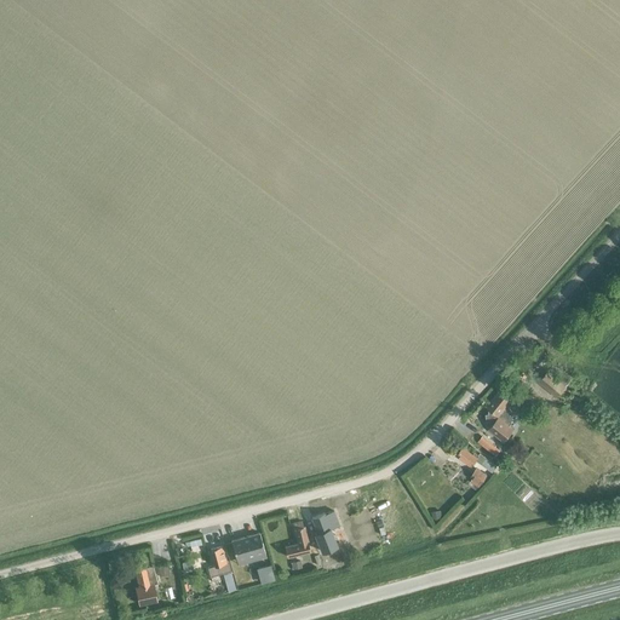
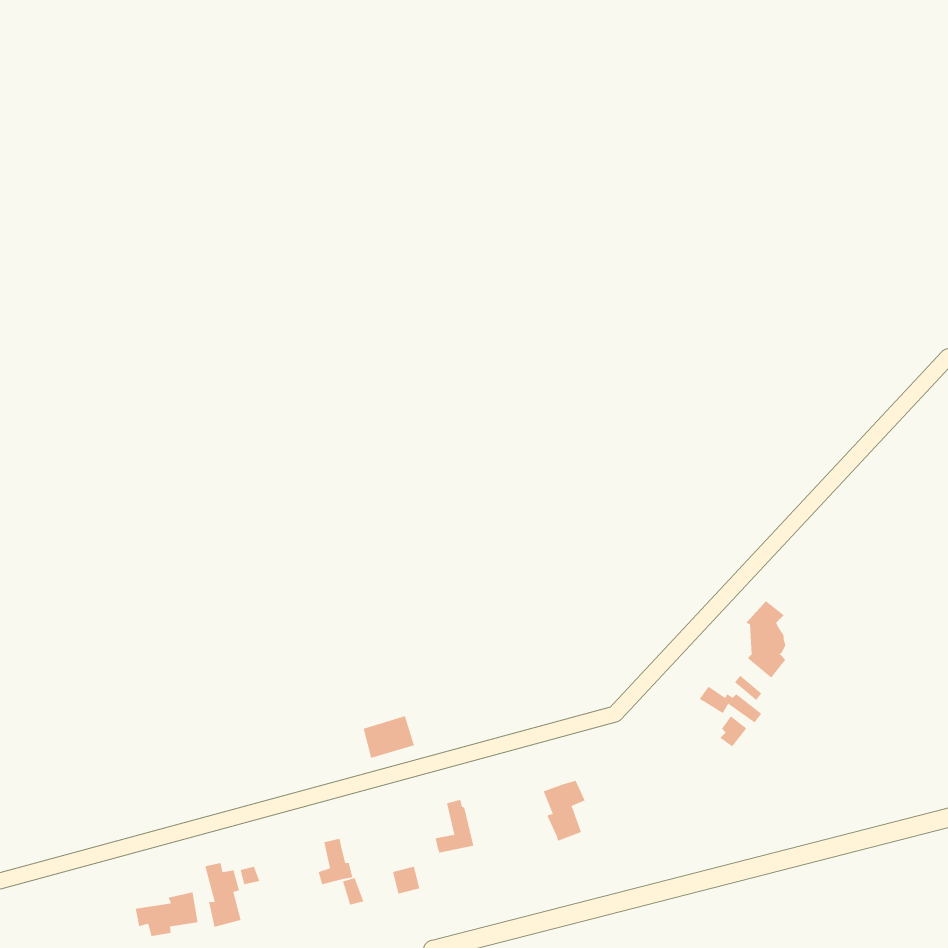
building: [310,512,338,552] -> [543,780,585,841]
building: [230,533,264,561] -> [363,716,415,758]
building: none -> [135,892,198,937]

